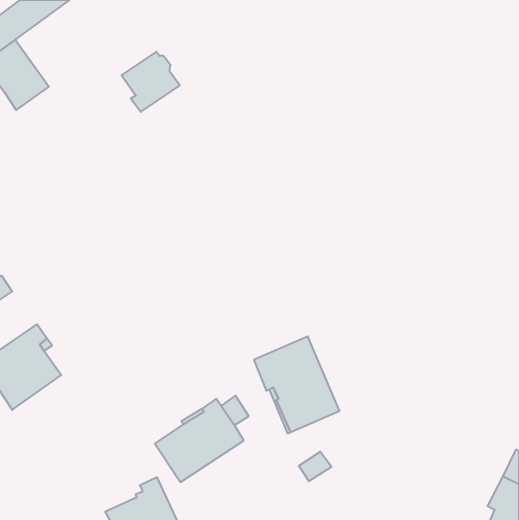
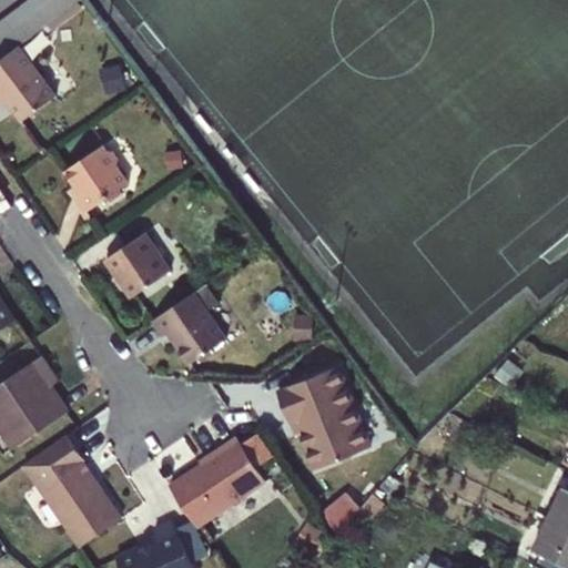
building: [122,52,180,112] -> [64,145,128,211]
building: none -> [106,233,171,296]
building: none -> [153,291,229,363]
building: none -> [22,435,121,548]

